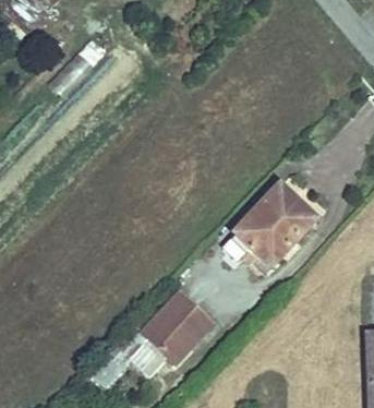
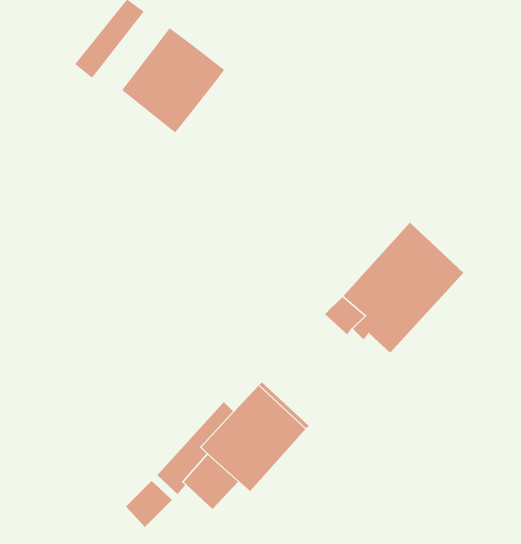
building: none -> [121,27,225,133]

